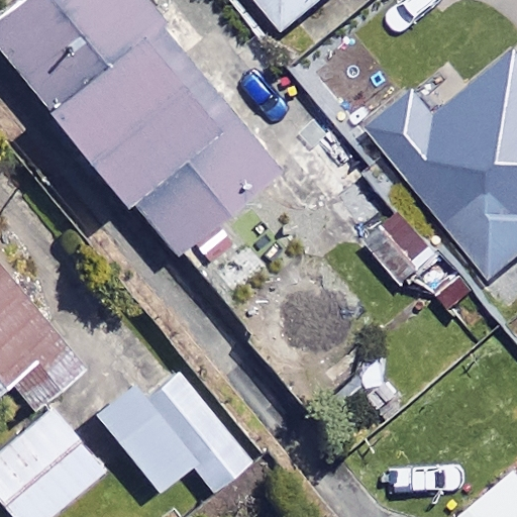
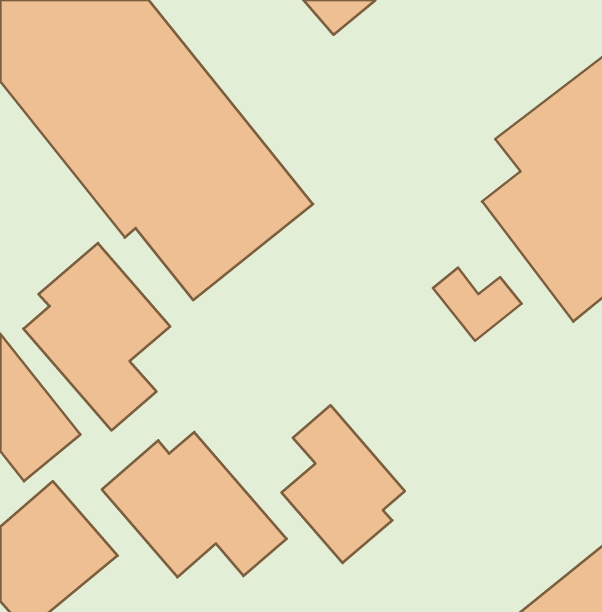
building: none -> [23,243,170,430]
building: none -> [282,405,405,563]

